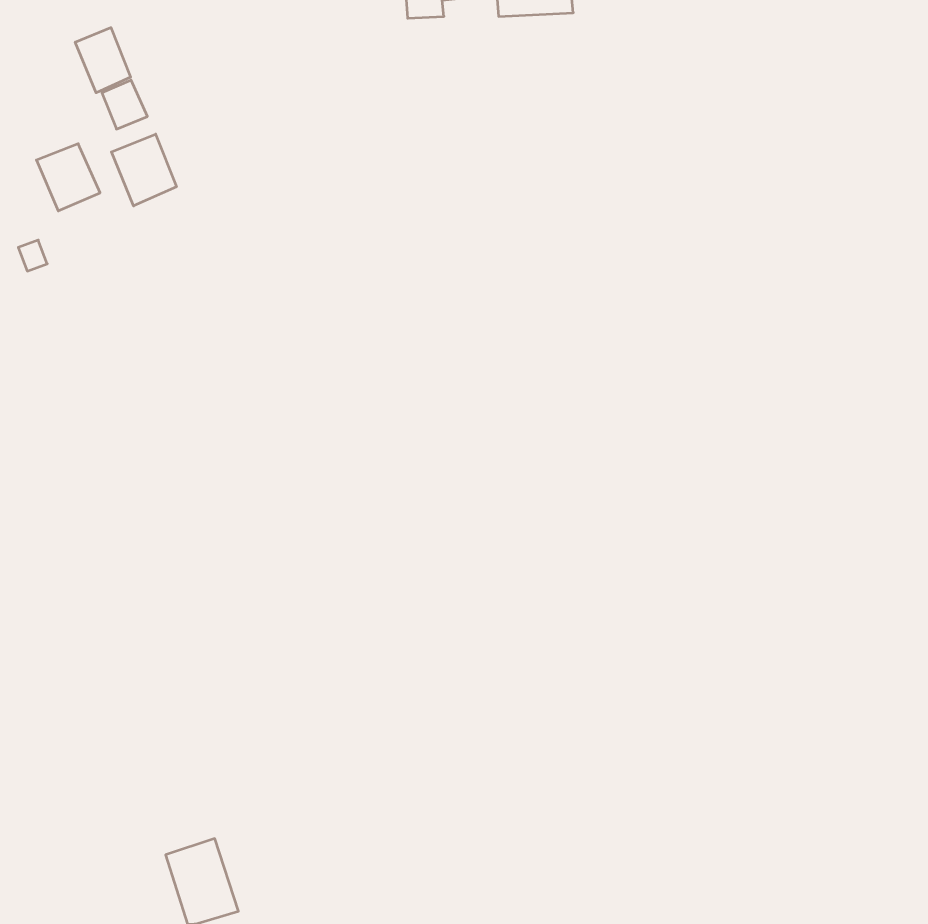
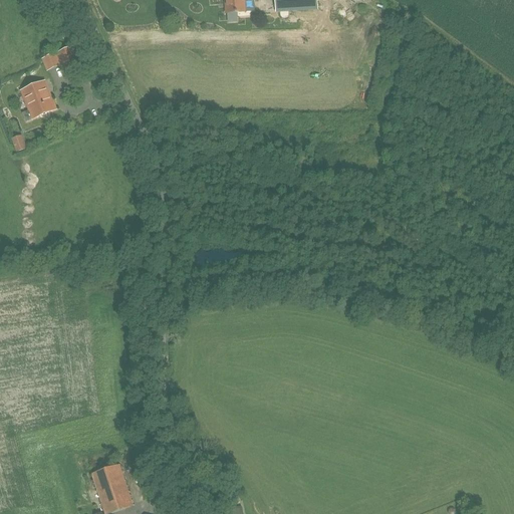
building: [75,28,131,93] -> none
building: [111,134,176,206] -> none

